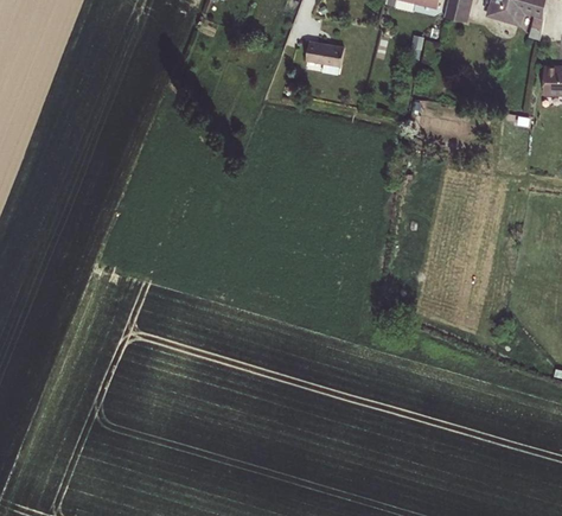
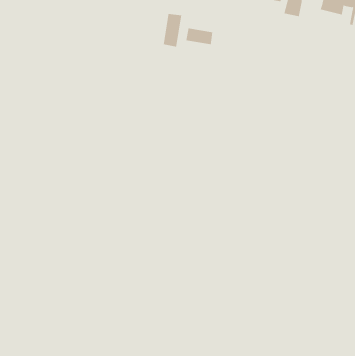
building: none -> [163,13,182,47]

